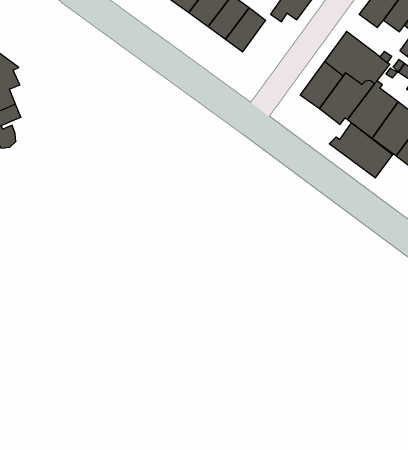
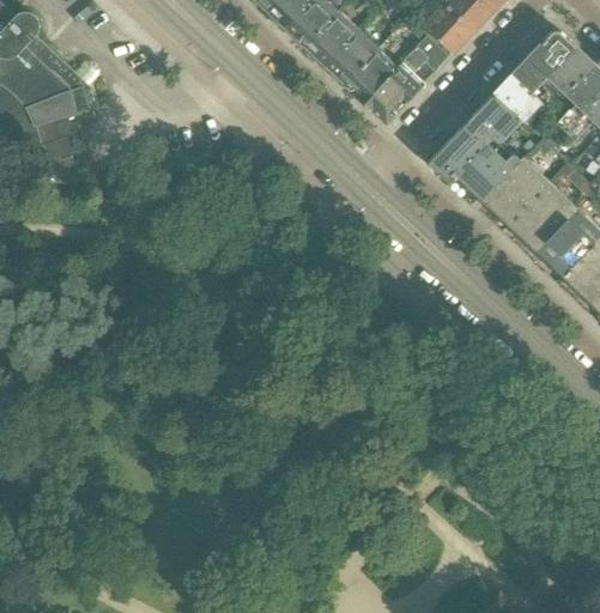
building: none -> [495,71,543,119]
building: none -> [365,62,422,121]
building: [329,123,393,178] -> none

